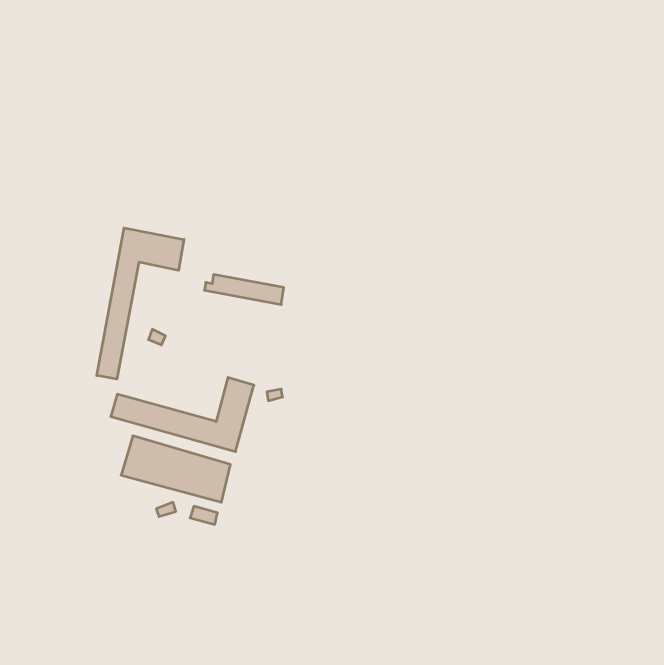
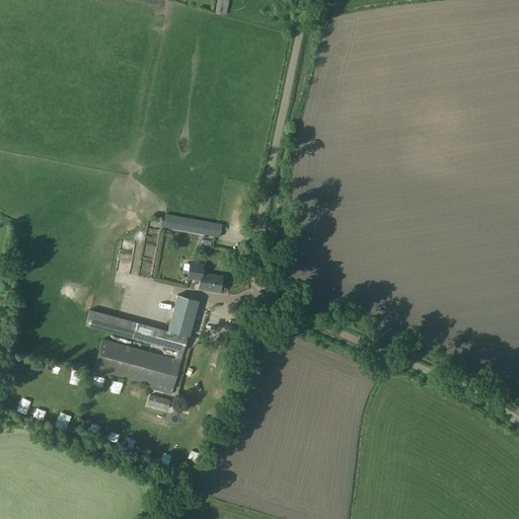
building: [97,228,184,379] -> none
building: none -> [190,263,223,291]

